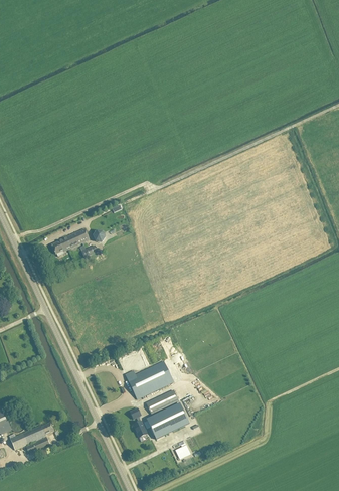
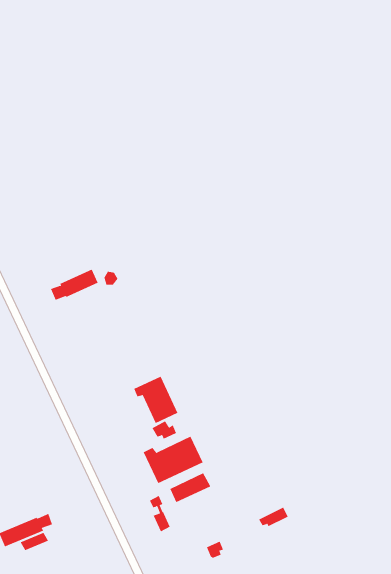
building: none -> [133,376,178,424]
building: [147,403,189,440] -> none

